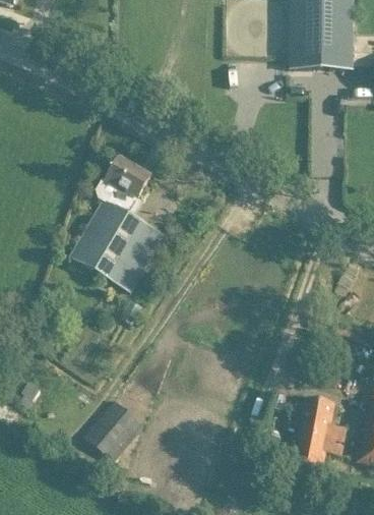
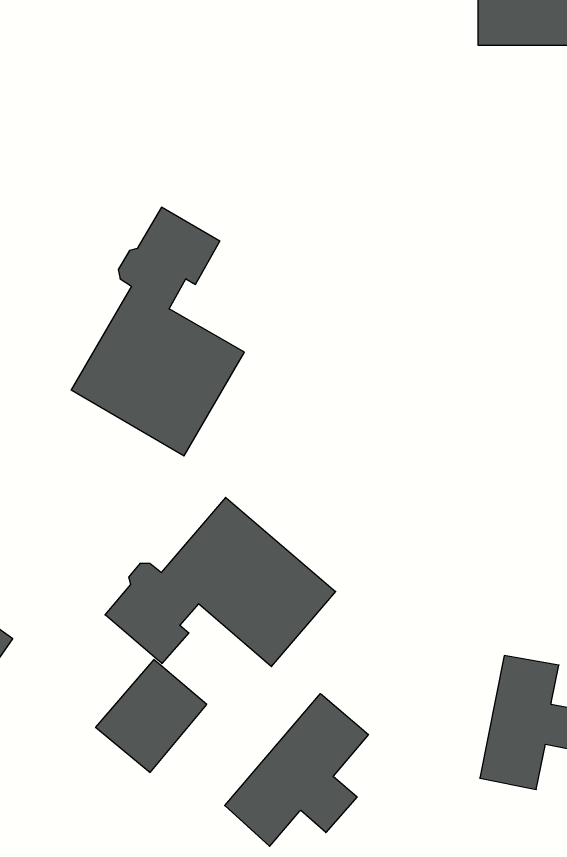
building: none -> [105,497,336,667]
building: none -> [225,694,368,846]

